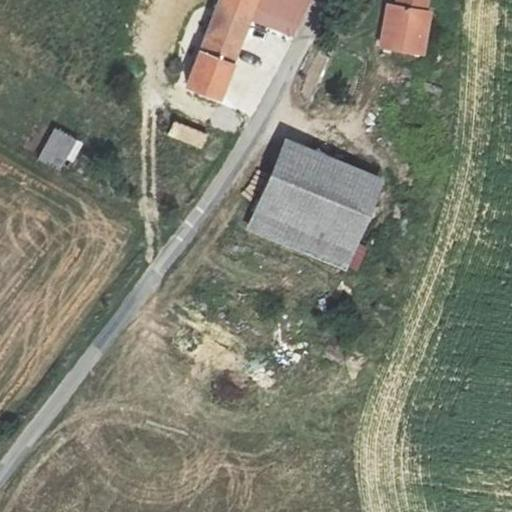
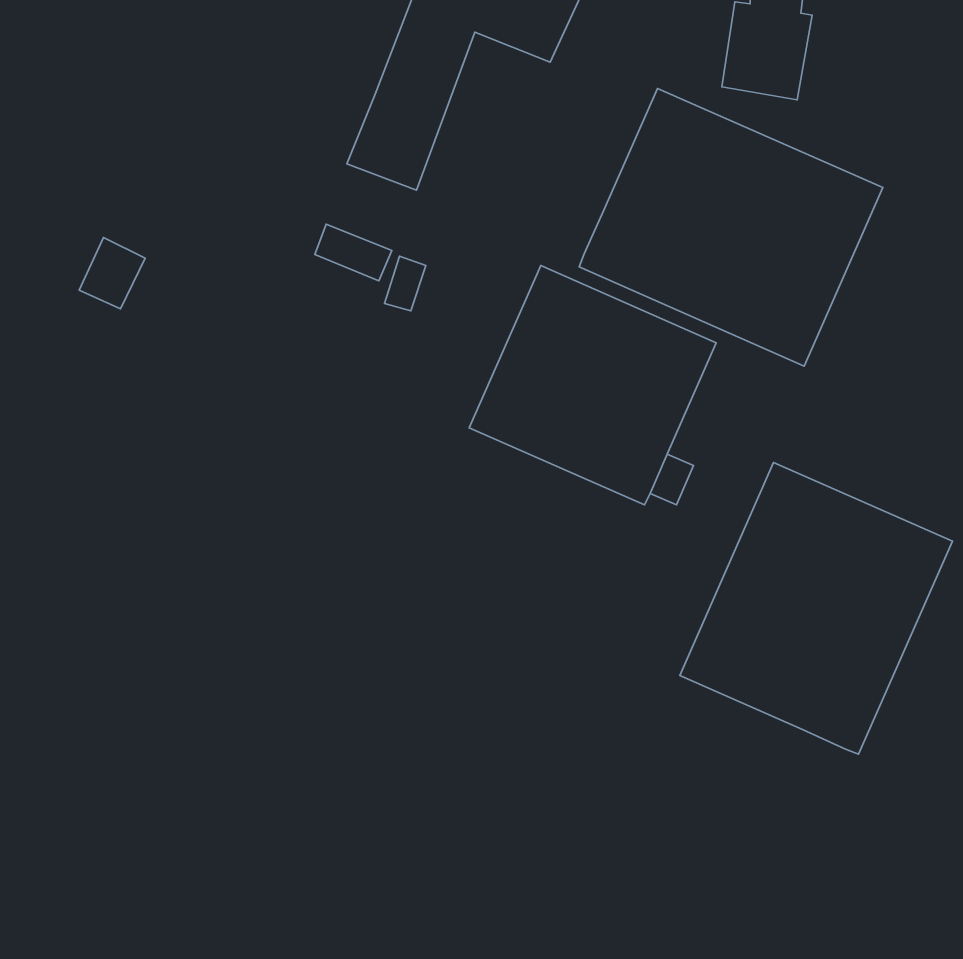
building: none -> [579,88,883,366]
building: none -> [680,462,953,754]

